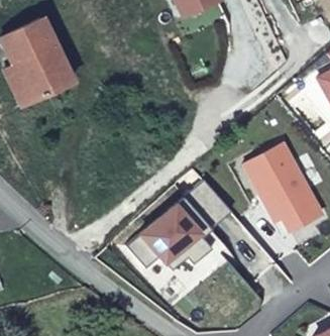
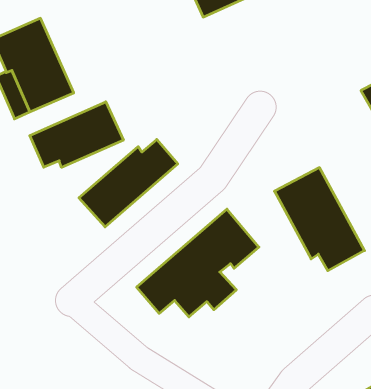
building: none -> [30,102,123,167]
building: none -> [79,139,178,227]

